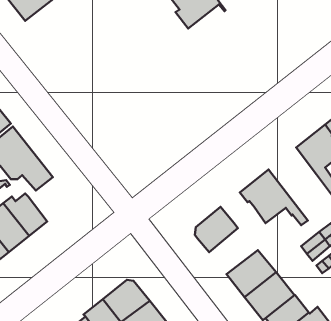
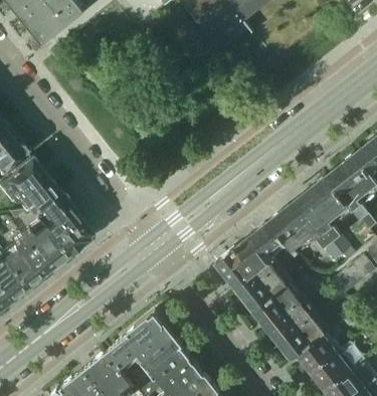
building: none -> [298,177,348,253]
building: none -> [45,208,87,254]
building: none -> [247,224,282,256]
building: none -> [235,260,287,310]

